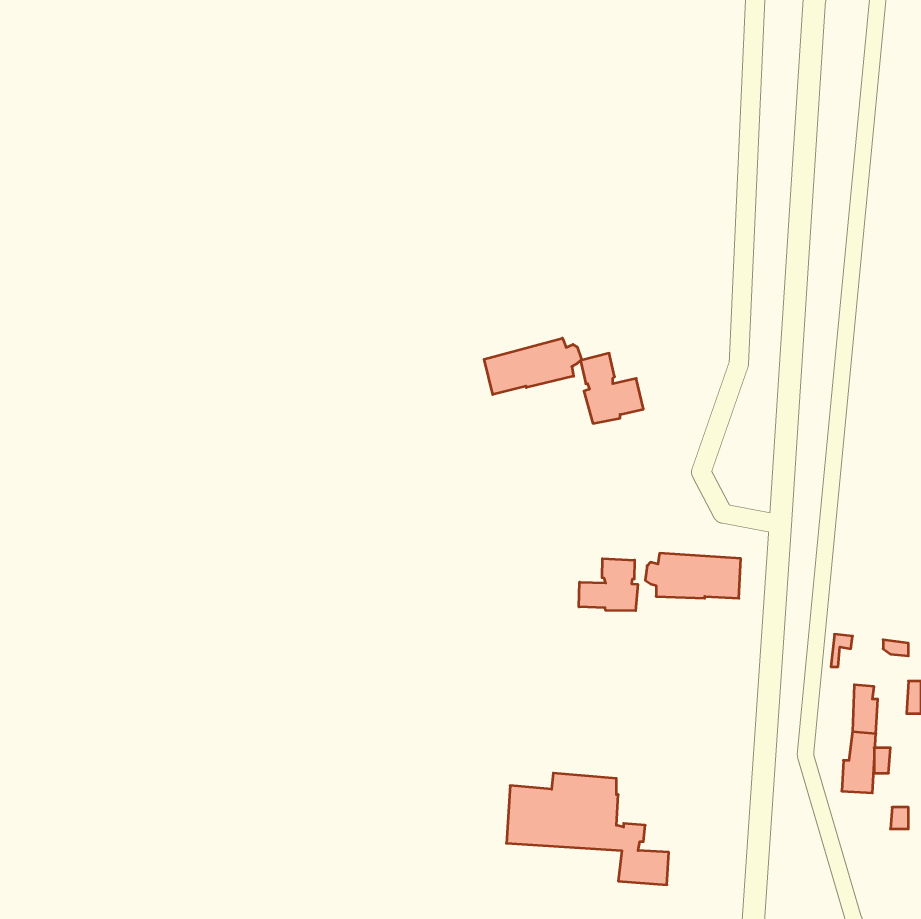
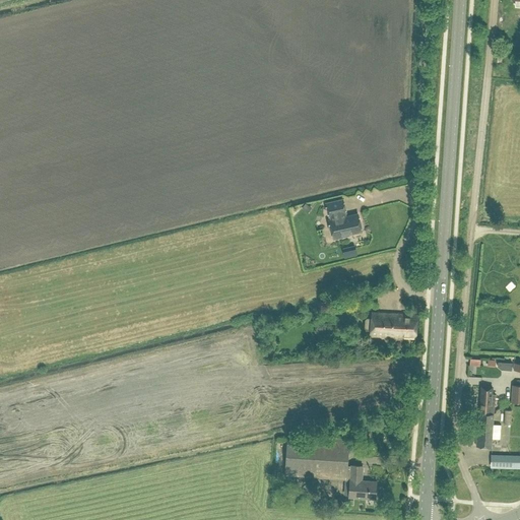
building: [484,338,581,395] -> none
building: [579,559,638,611] -> none

